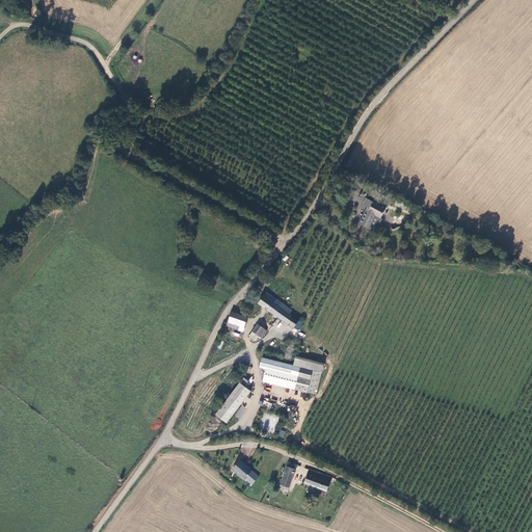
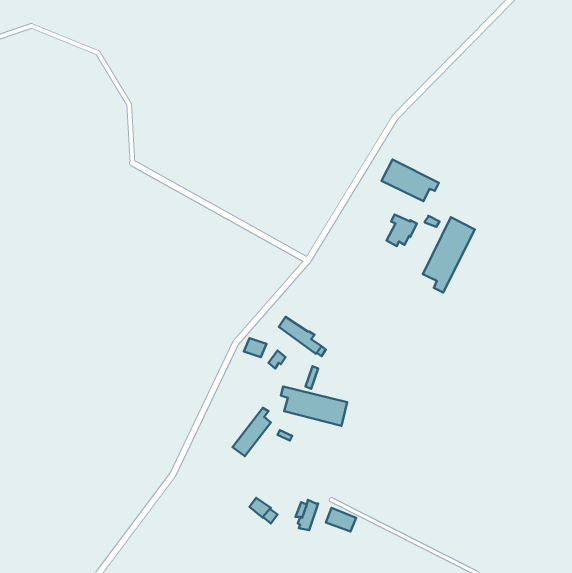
building: none -> [382,160,439,201]
building: none -> [423,217,475,293]

